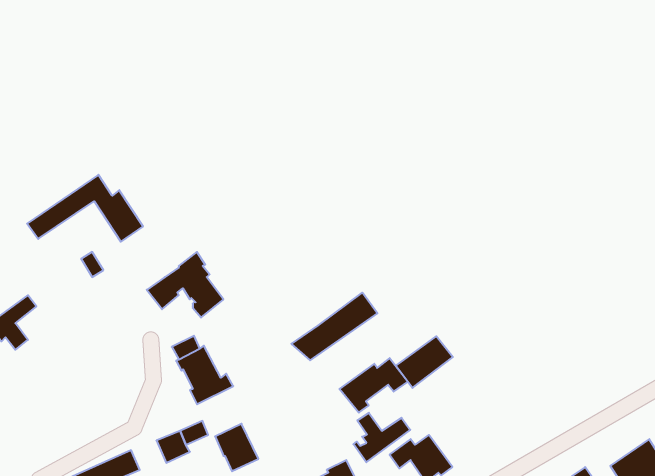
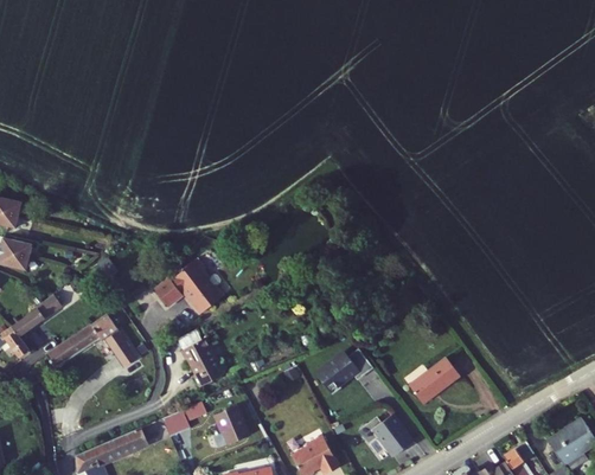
building: [27,175,143,242] -> [45,314,143,371]
building: [291,293,377,360] -> none
building: [396,336,453,388] -> [409,359,458,403]
building: [353,413,410,462] -> none

